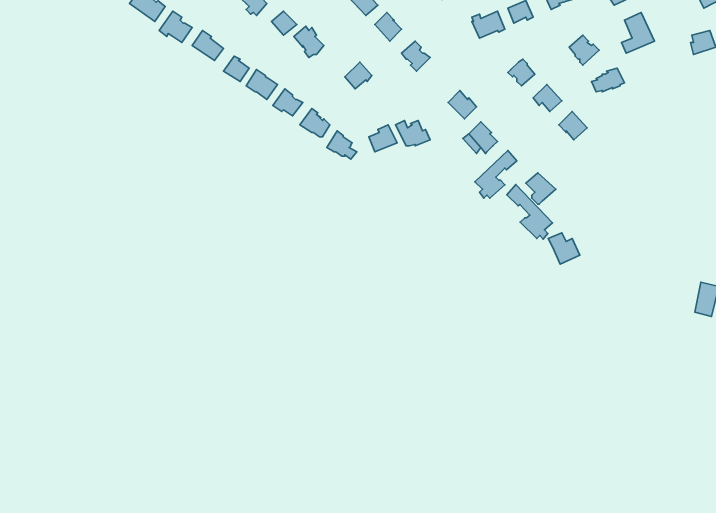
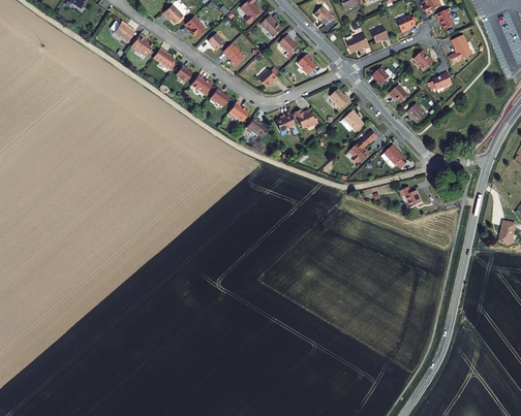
building: [507,185,552,239] -> none

